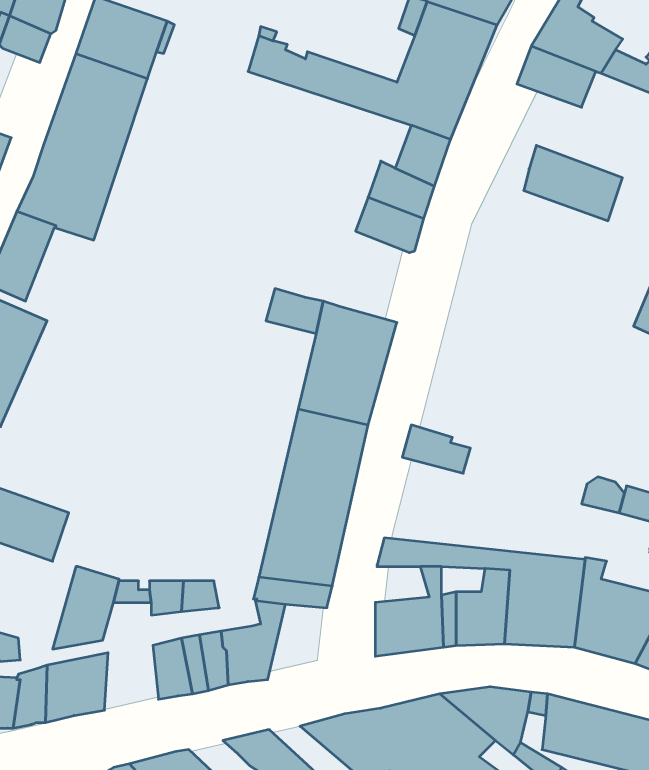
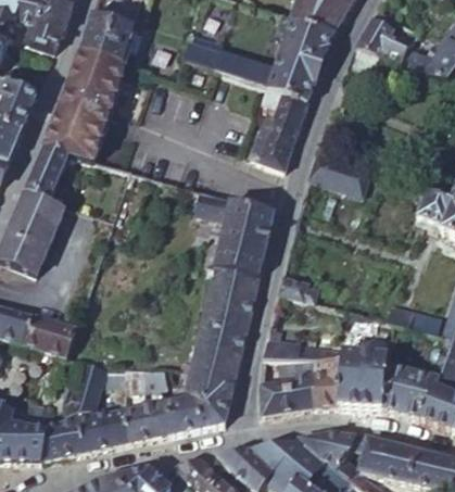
building: [524,145,622,221] -> [308,148,368,193]
building: none -> [195,382,231,428]
building: none -> [97,407,129,446]

